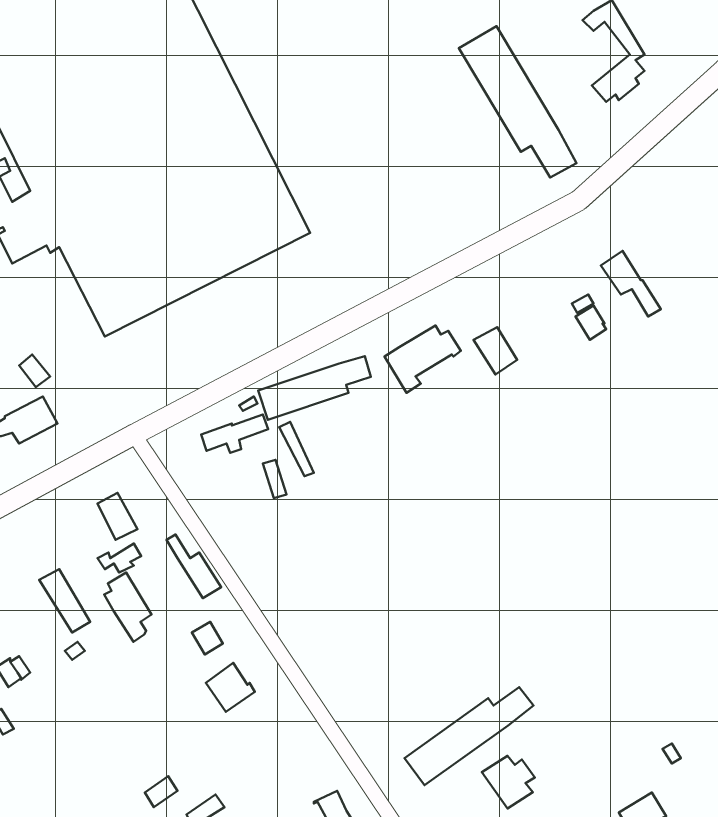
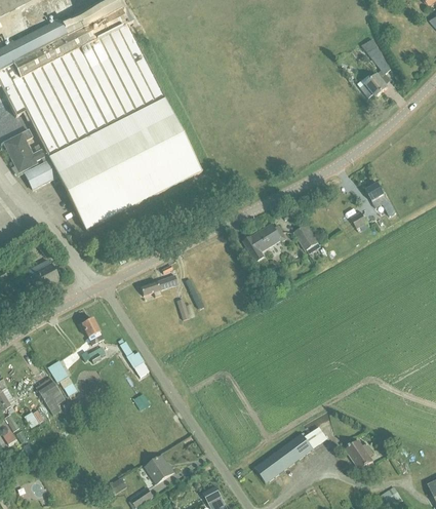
building: [459,26,577,177] -> none
building: [258,356,371,420] -> none
building: [104,573,152,642] -> [38,377,65,416]
building: [206,663,255,712] -> [146,455,173,482]
building: [482,756,535,808] -> [345,439,374,469]

